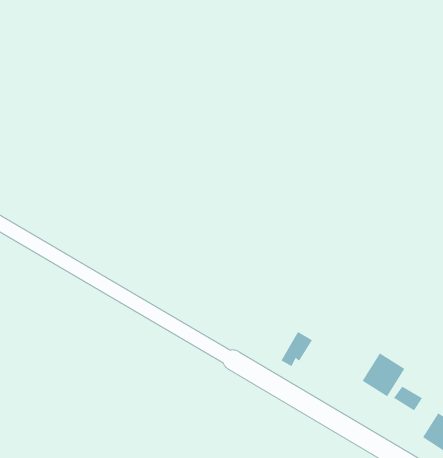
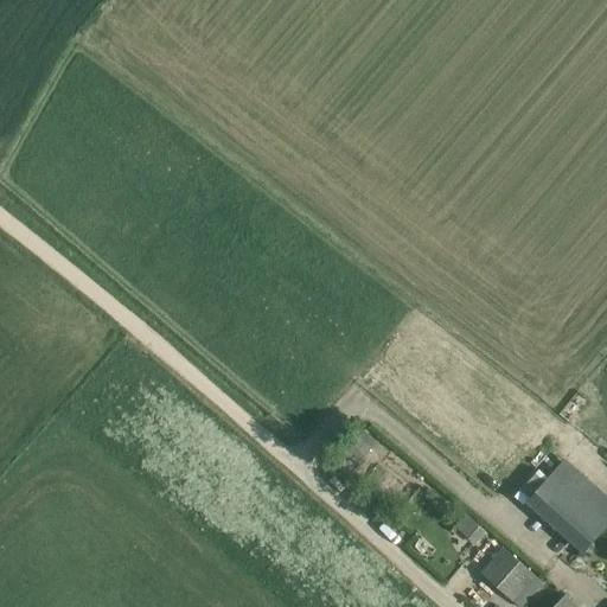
building: [362,352,405,397] -> none

